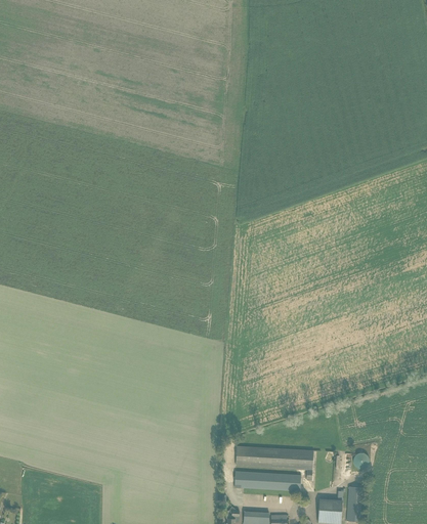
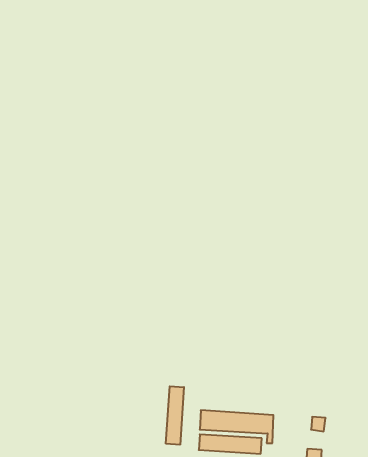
building: none -> [166,386,184,445]

